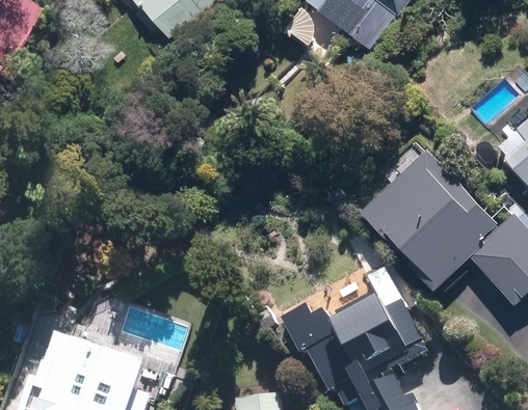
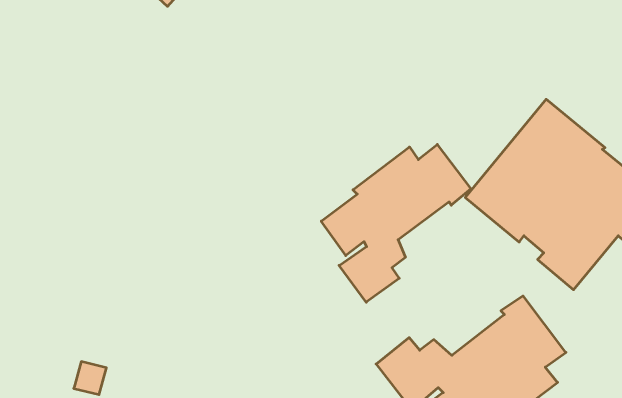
building: none -> [321,144,471,302]

